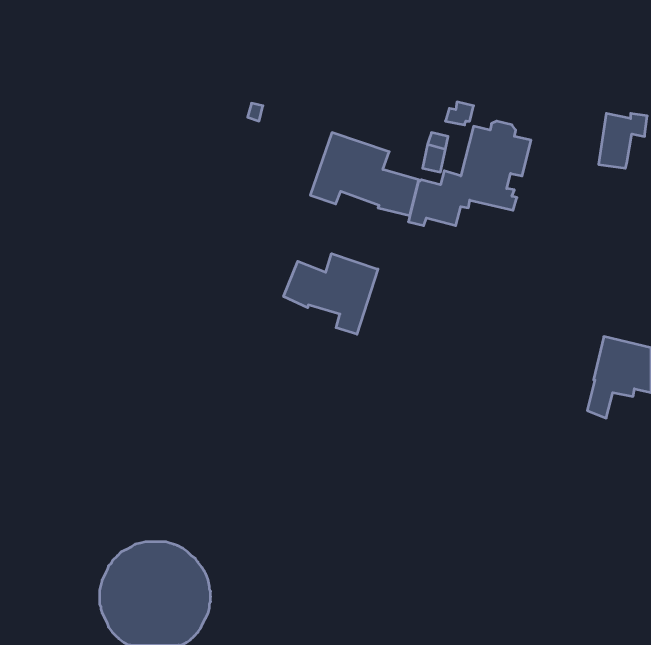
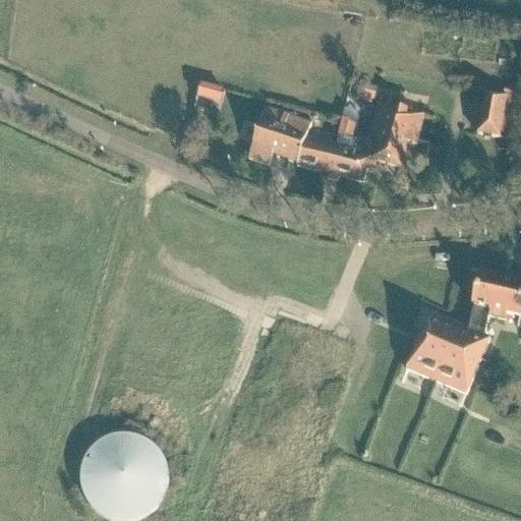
building: [284,254,378,334] -> none
building: none -> [406,312,489,392]

